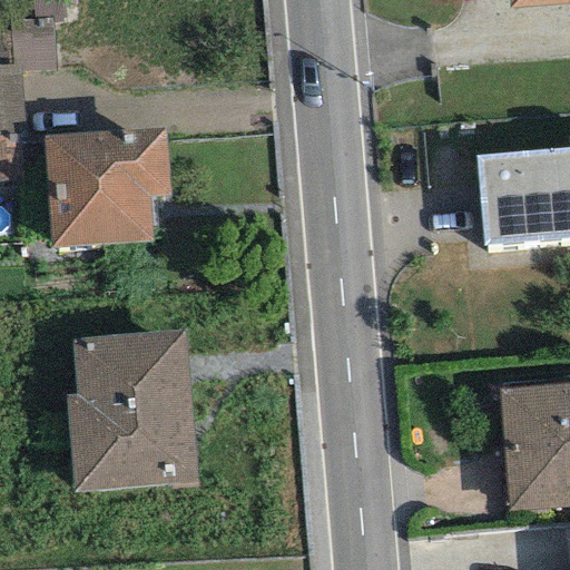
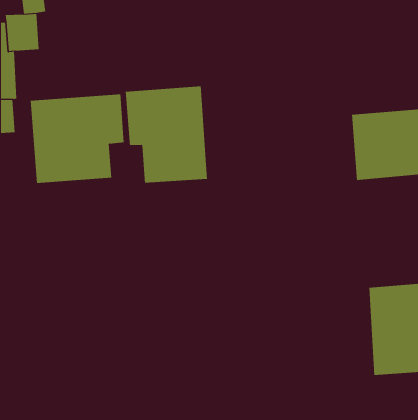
building: none -> [125,86,207,184]
building: [68,330,199,491] -> none

